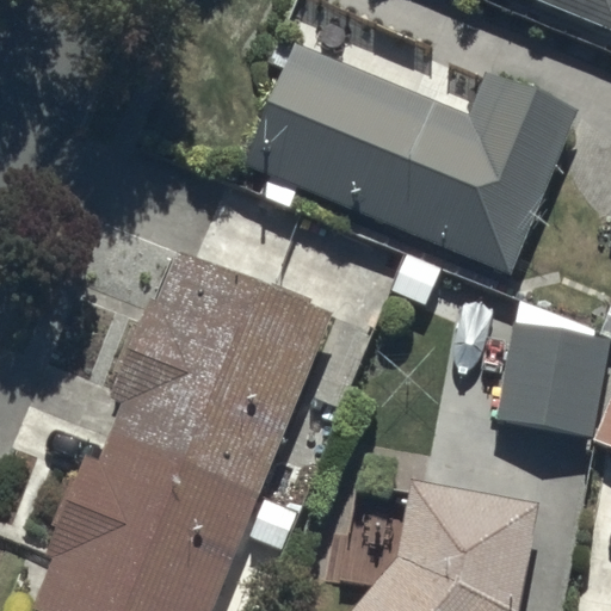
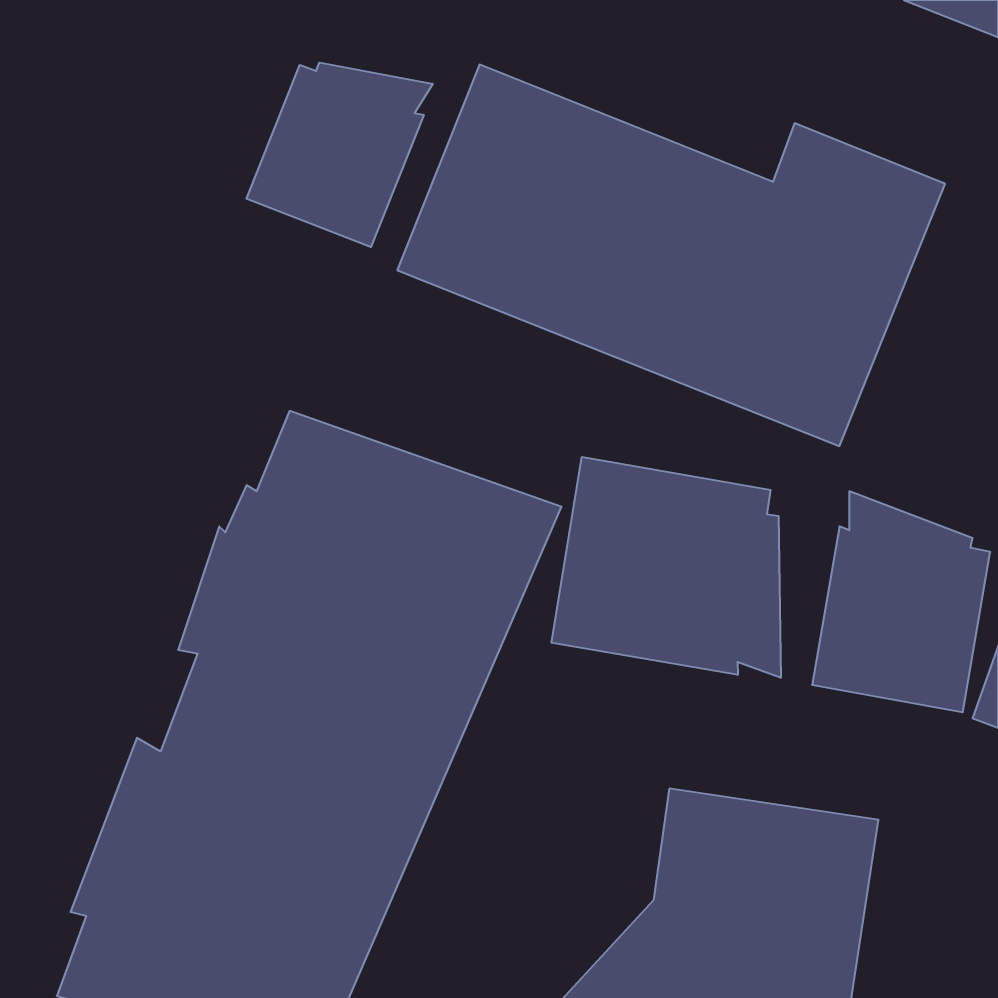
building: none -> [246,63,433,247]
building: none -> [551,457,781,678]

